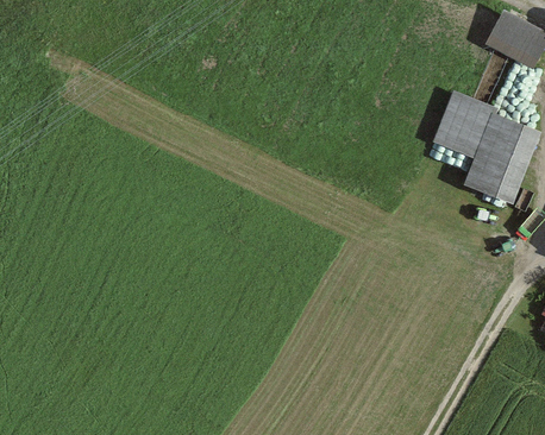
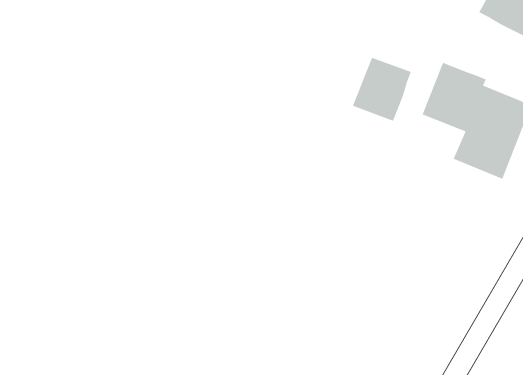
building: none -> [352,57,412,122]

